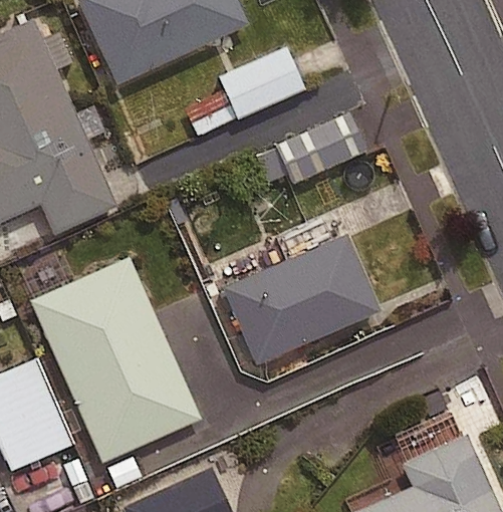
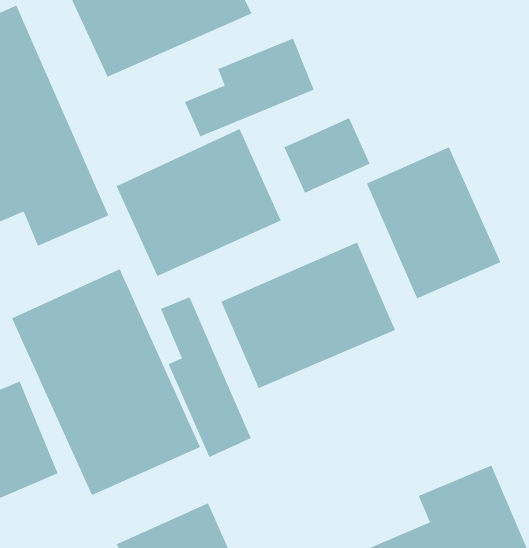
building: none -> [116,128,281,277]
building: none -> [366,147,501,299]
building: none -> [160,297,252,458]

